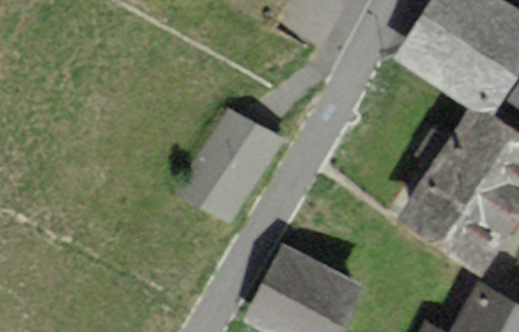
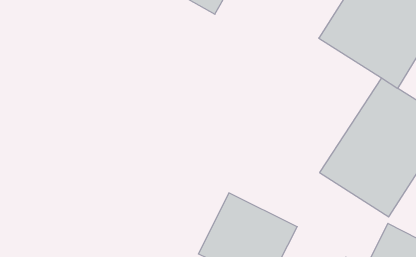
building: [175,107,284,226] -> none

